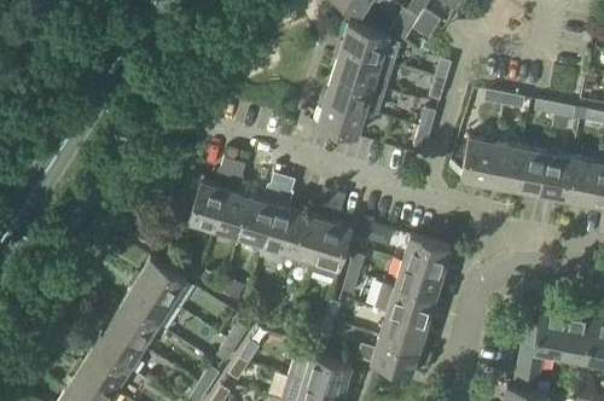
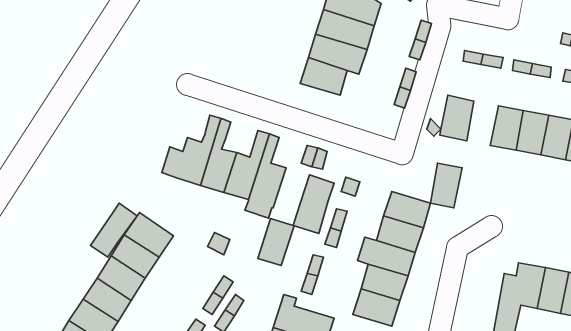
building: [488,143,521,188] -> [430,163,462,208]
building: [289,211,326,260] -> [258,219,294,266]
building: none -> [90,203,137,257]

